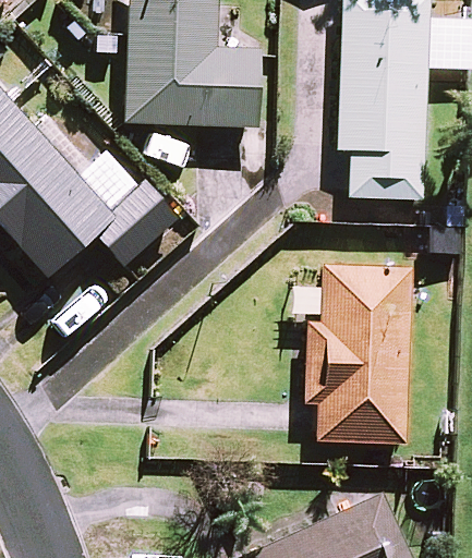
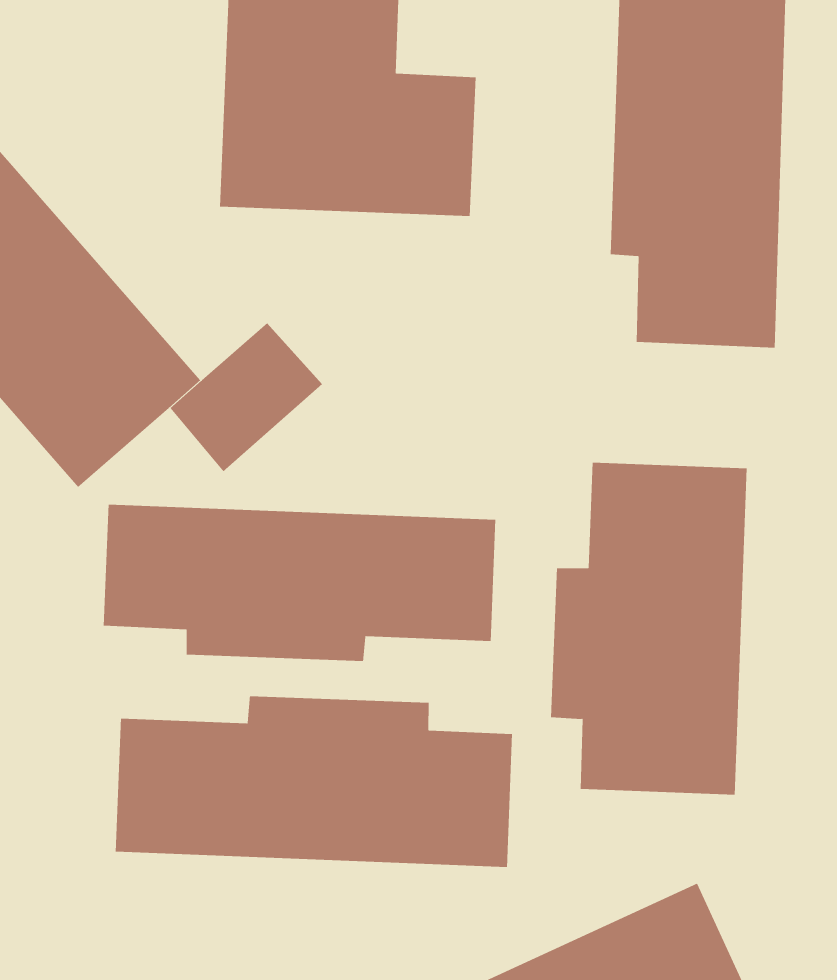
building: none -> [103,504,496,662]
building: none -> [115,695,513,868]

